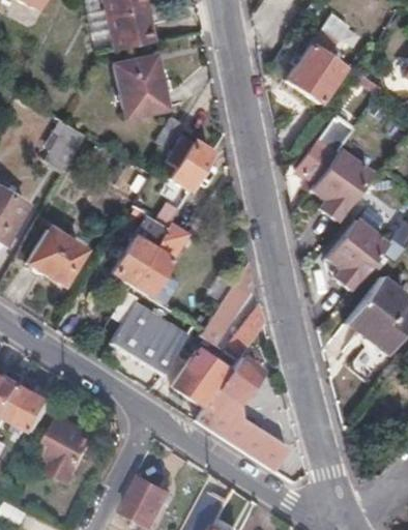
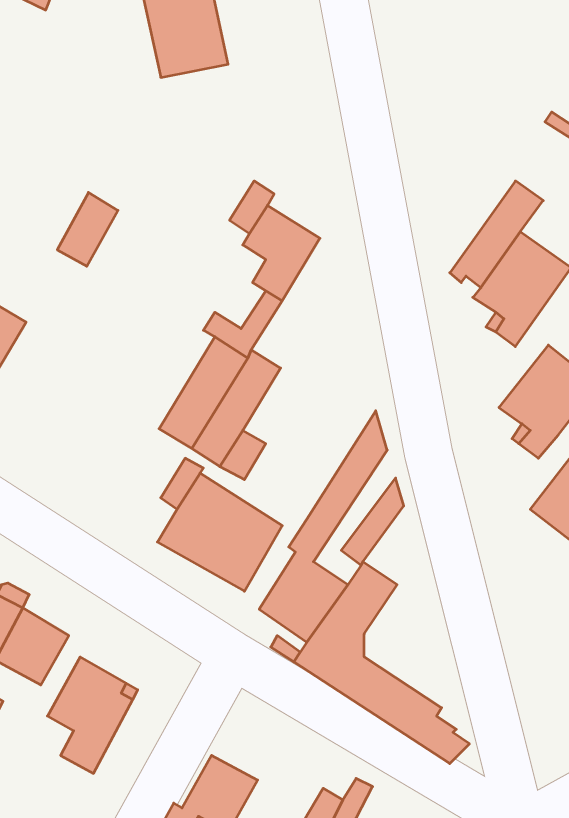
building: [287,46,343,101] -> none
building: [115,54,169,118] -> none
building: [28,229,83,284] -> none

